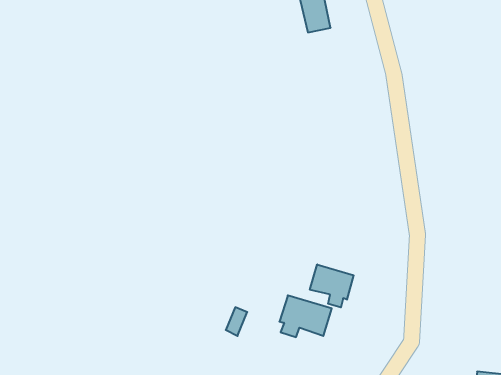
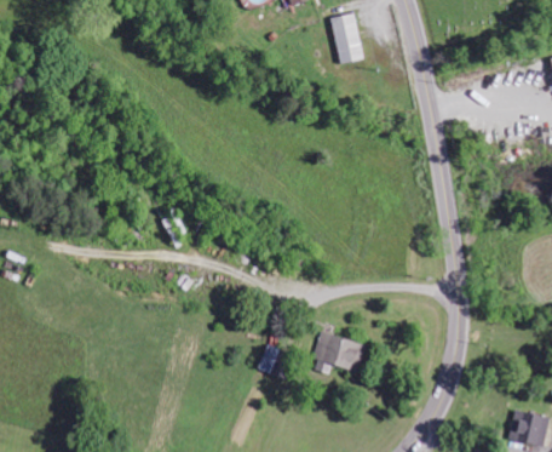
building: [310,264,354,307] -> none

